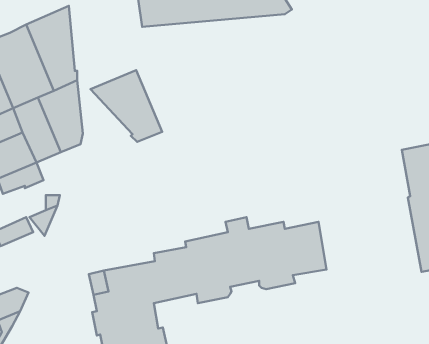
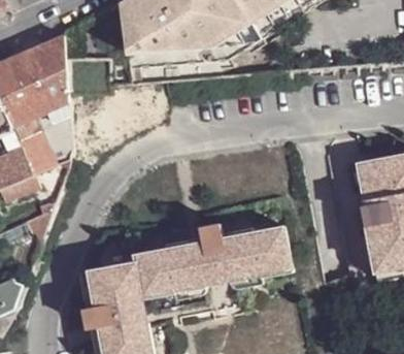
building: [90,70,162,142] -> none

